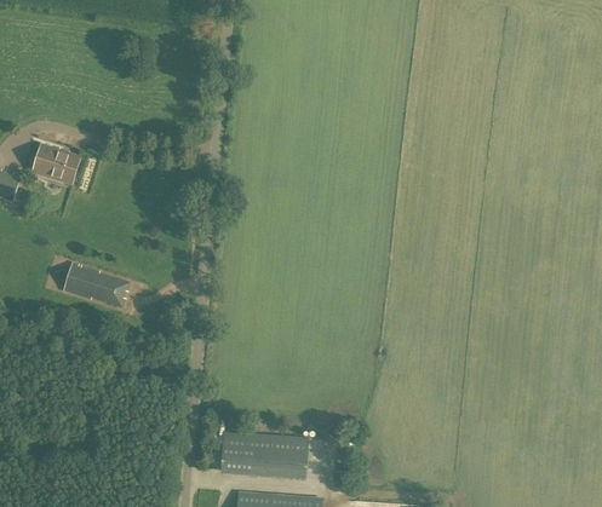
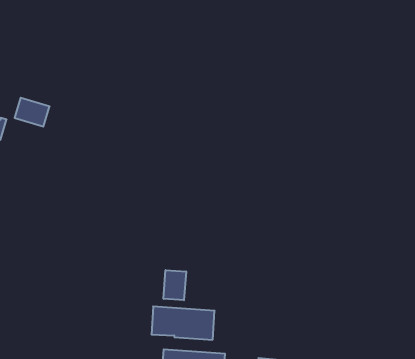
building: [63,263,127,305] -> none
building: none -> [164,270,186,300]

